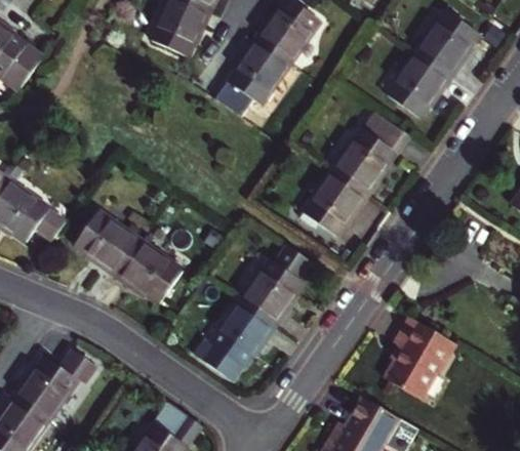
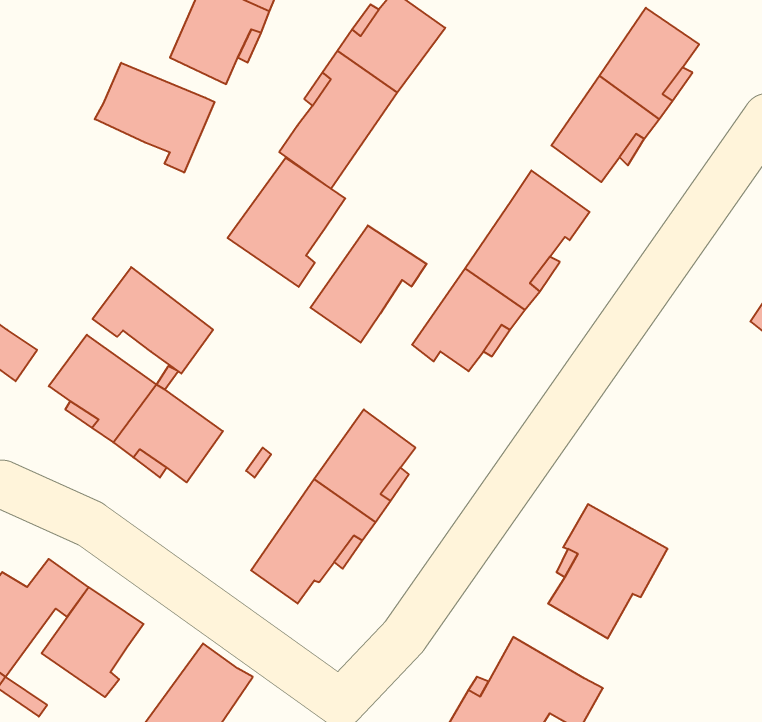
building: none -> [95,63,215,173]
building: none -> [228,158,345,287]
building: none -> [310,225,427,343]
building: none -> [93,267,213,374]
building: none -> [42,587,144,697]

